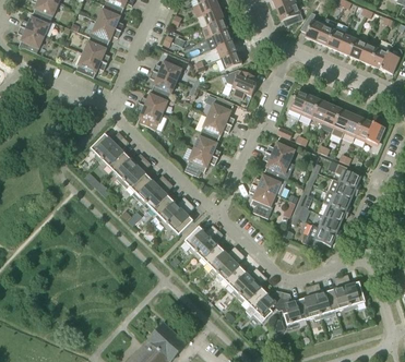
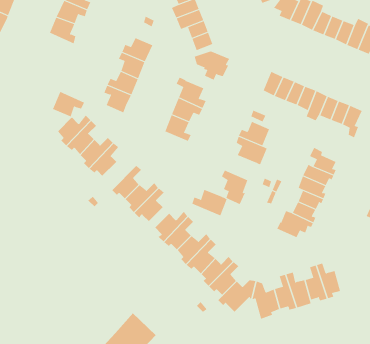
building: [75,52,107,77] -> [52,91,85,117]
building: [184,147,217,176] -> none
building: [252,170,287,196] -> [191,189,228,216]
building: [134,174,167,204] -> none

